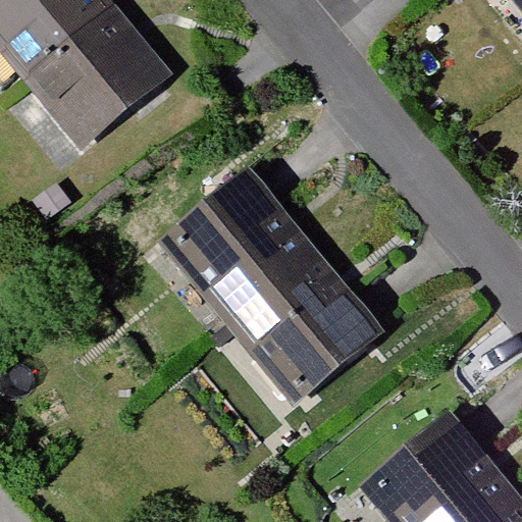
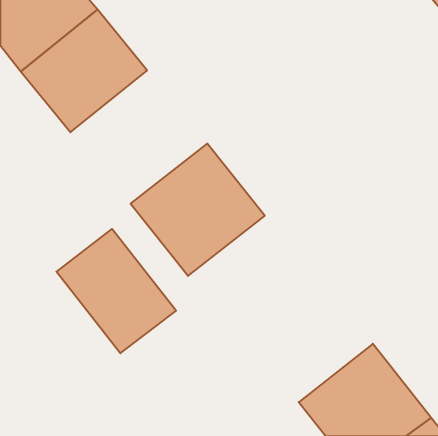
building: [228,253,381,404] -> none
building: none -> [56,229,176,353]

